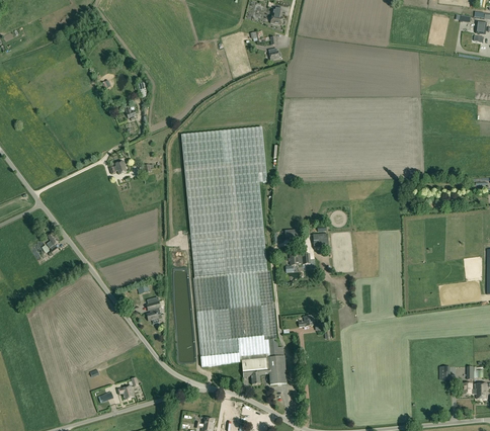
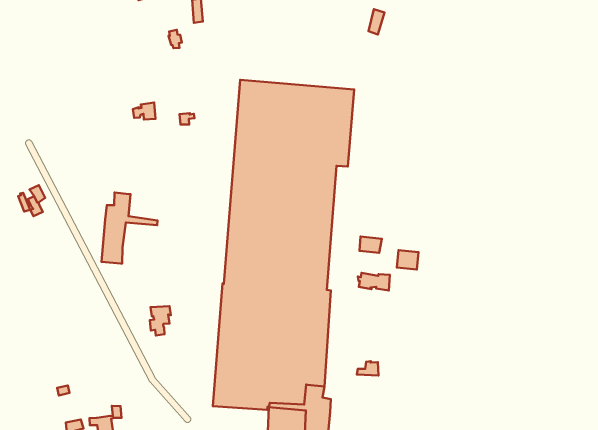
building: none -> [102,193,157,263]

